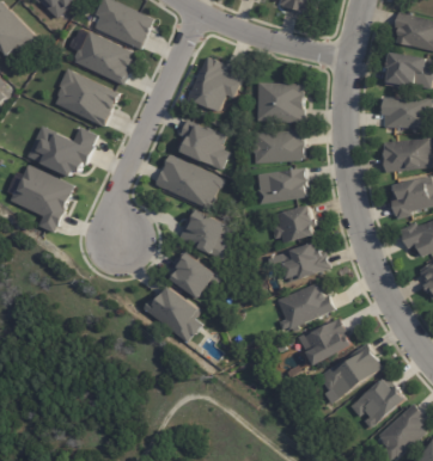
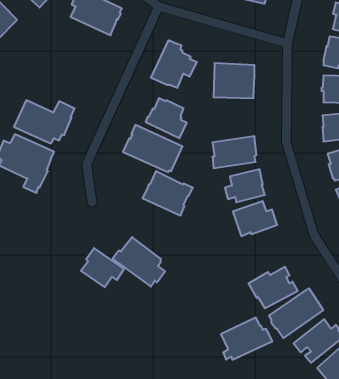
building: [68,29,132,86] -> none
building: [54,68,117,127] -> none
building: [251,130,306,164] -> none
building: [170,253,220,299] -> [81,248,124,287]
building: [278,282,337,331] -> [221,318,272,360]

